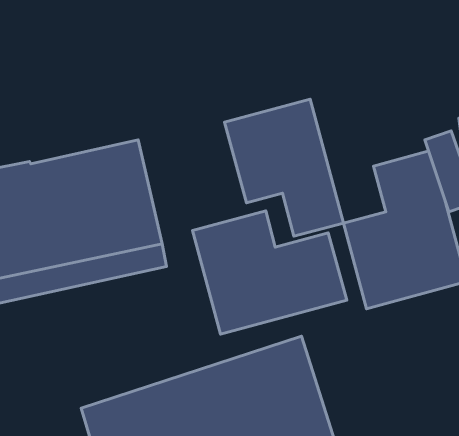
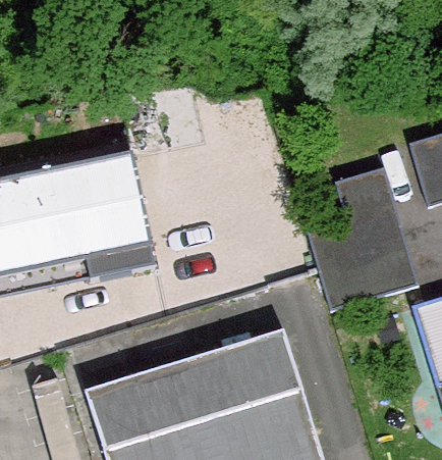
building: [224,99,344,236] -> none
building: [193,211,347,334] -> none

